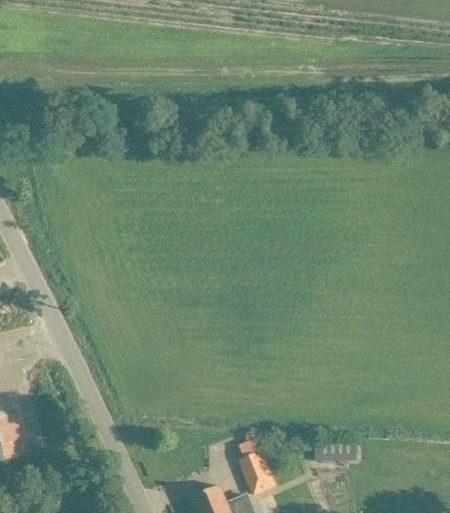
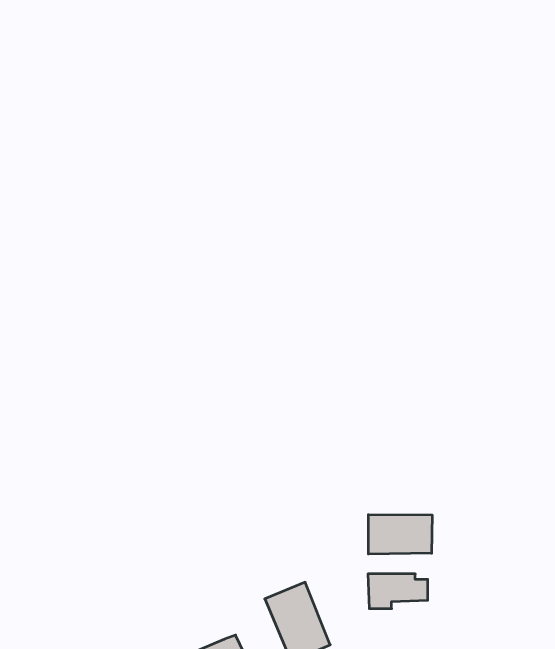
building: none -> [368,515,432,554]

